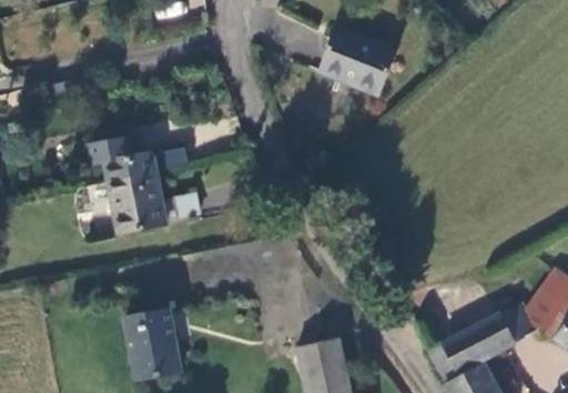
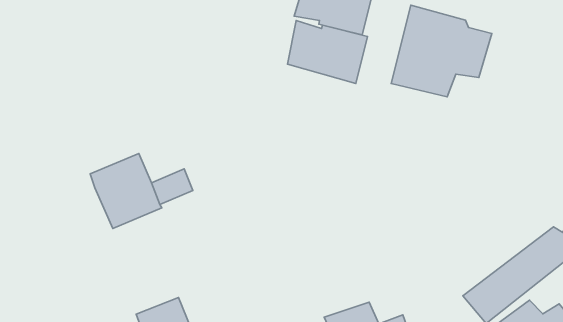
building: none -> [288,20,368,83]
building: none -> [391,5,492,97]
building: [84,134,153,182] -> none

